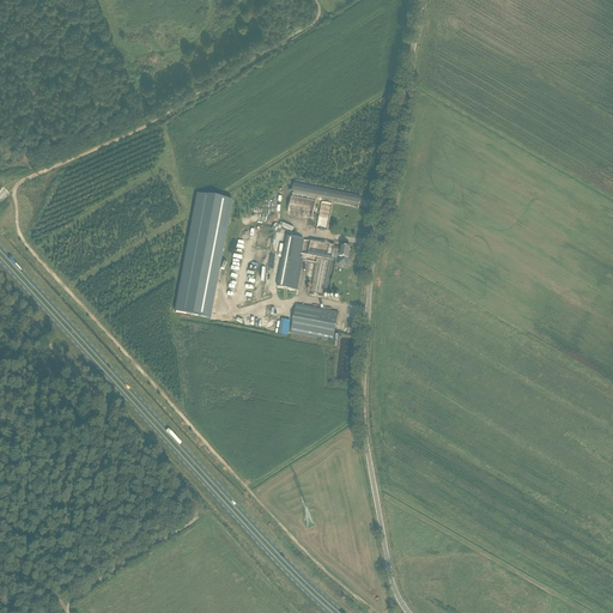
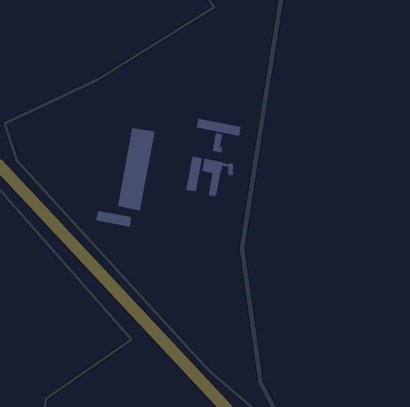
building: [290,301,338,338] -> none
building: none -> [95,210,132,228]

